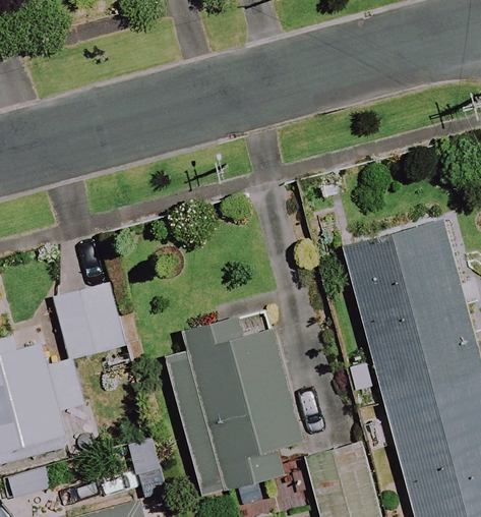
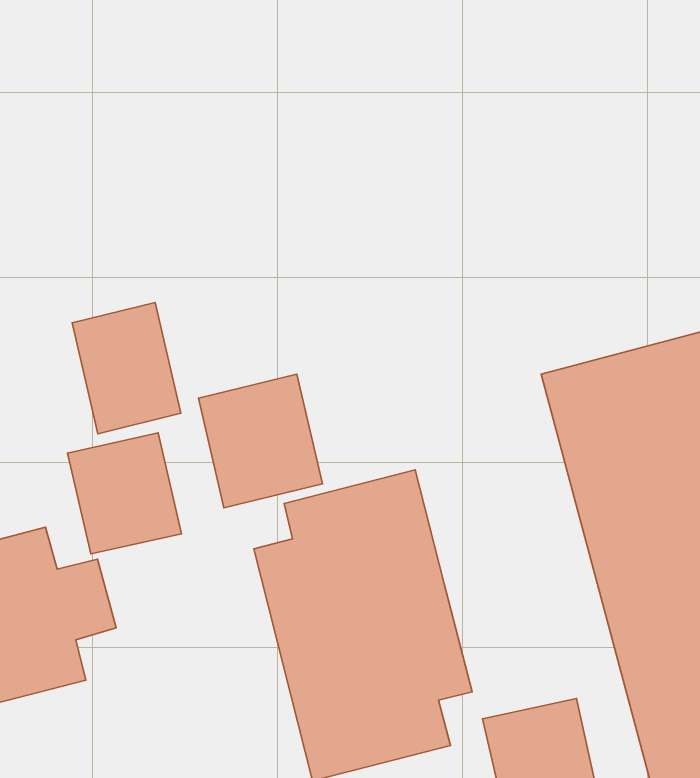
building: none -> [72,302,181,434]
building: none -> [198,374,322,508]

